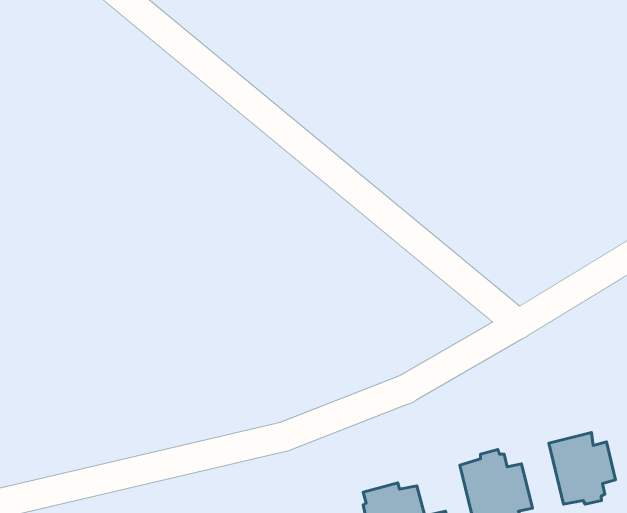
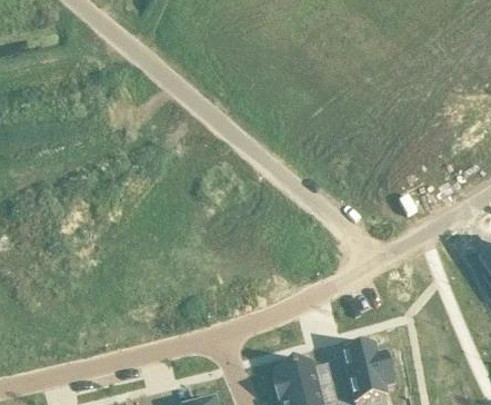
building: [549,433,615,504] -> none

